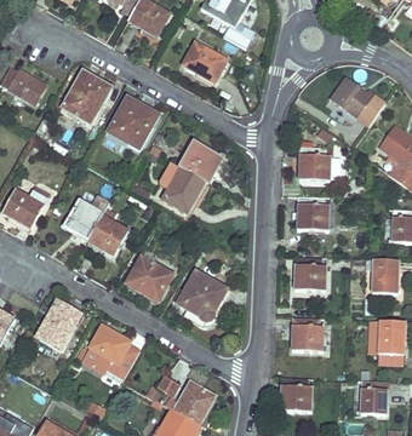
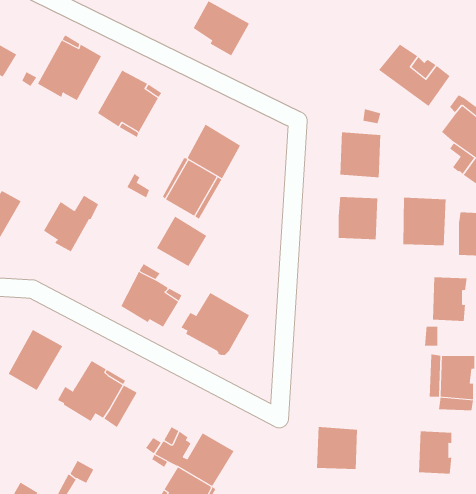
building: none -> [403,197,446,246]
building: [87,214,127,254] -> [156,216,207,267]
building: [293,256,326,291] -> none
building: [291,316,324,351] -> none

